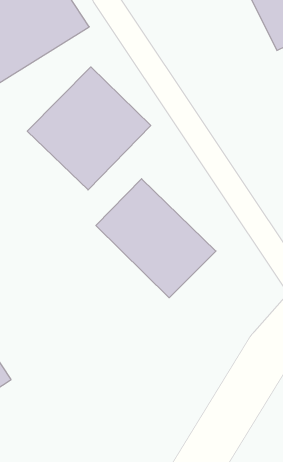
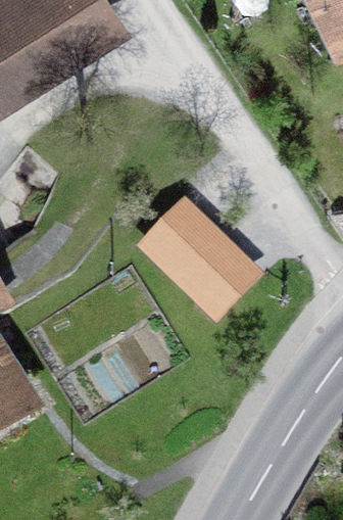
building: [27,67,151,190] -> none

